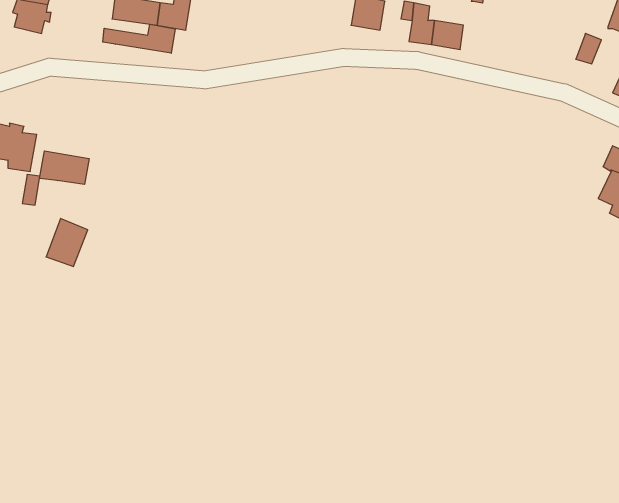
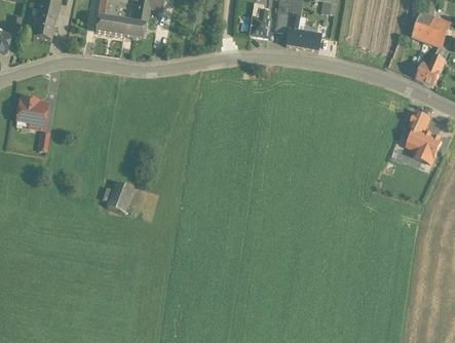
building: [103,24,175,53] -> none
building: [40,151,89,184] -> none
building: [46,218,88,267] -> [107,180,134,211]

